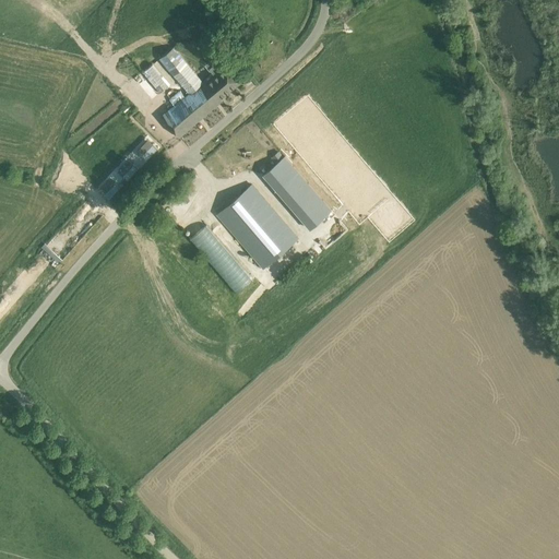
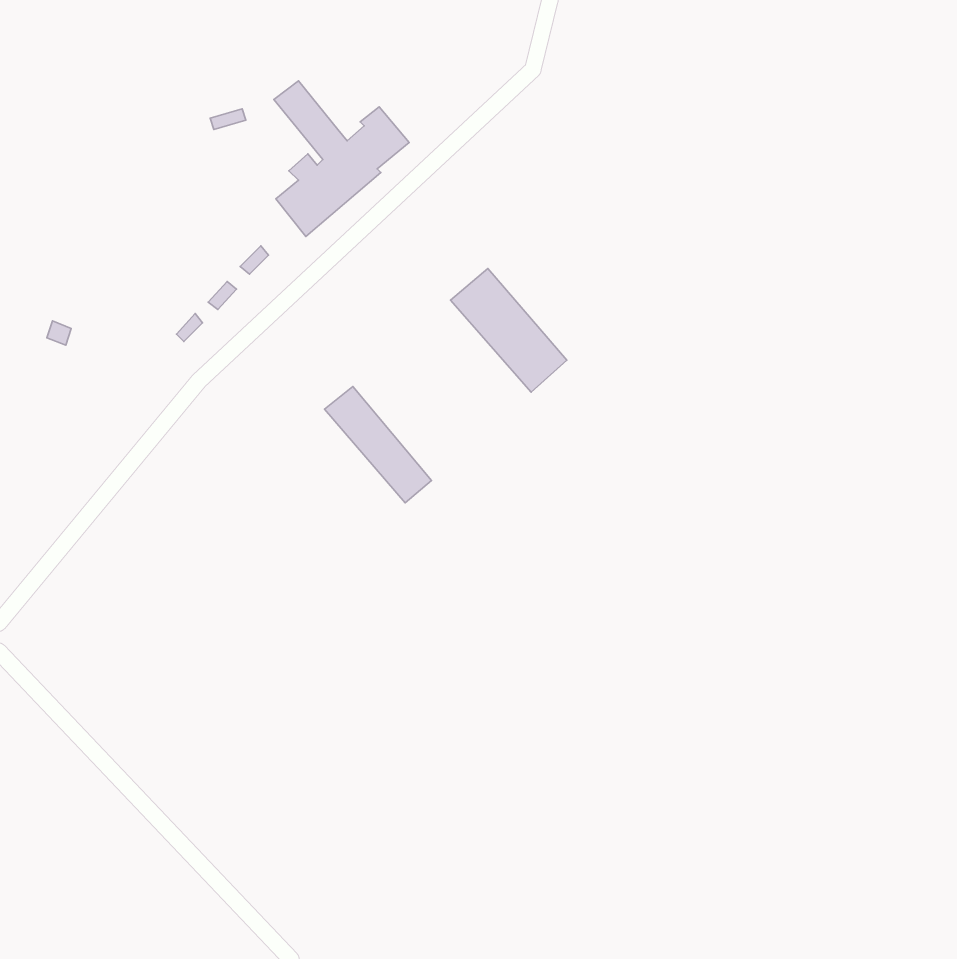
building: [142,63,170,96] -> none
building: [216,185,297,267] -> none

